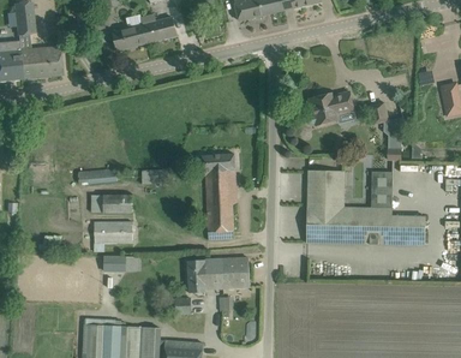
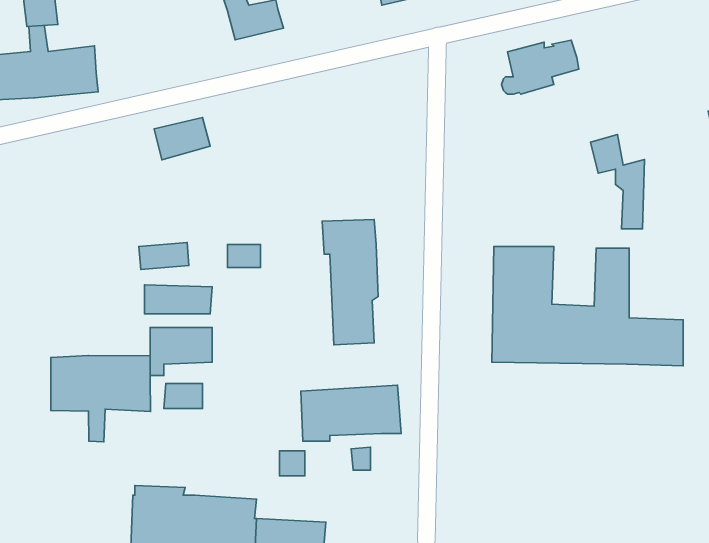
building: [112,24,146,50] -> [154,117,210,160]
building: [305,91,353,125] -> [502,40,579,94]
building: none -> [51,356,150,442]

